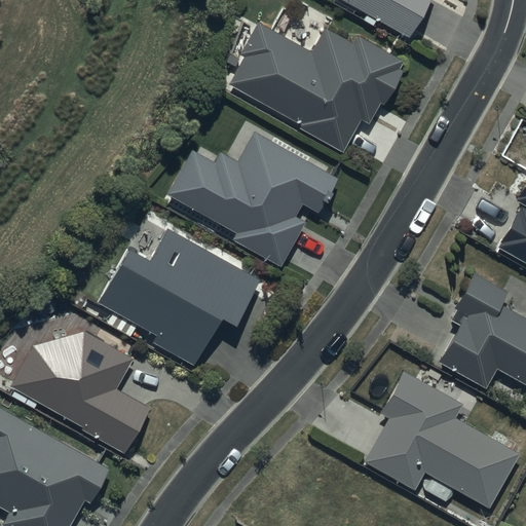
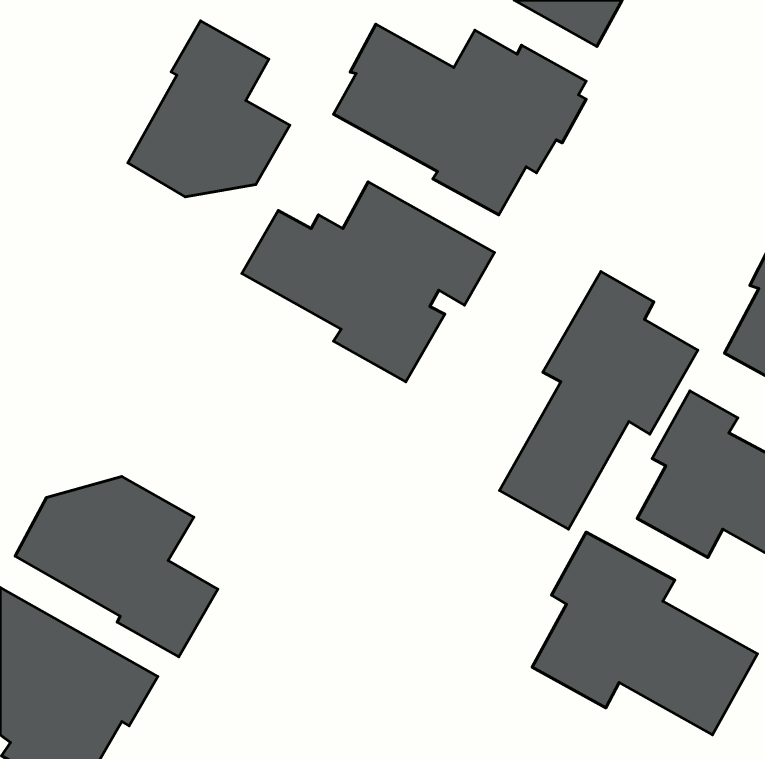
building: none -> [128,21,290,197]
building: none -> [500,271,698,529]
building: [99,228,259,366] -> none

